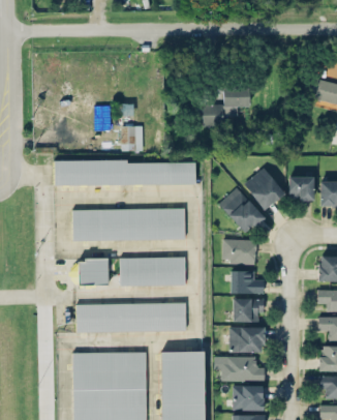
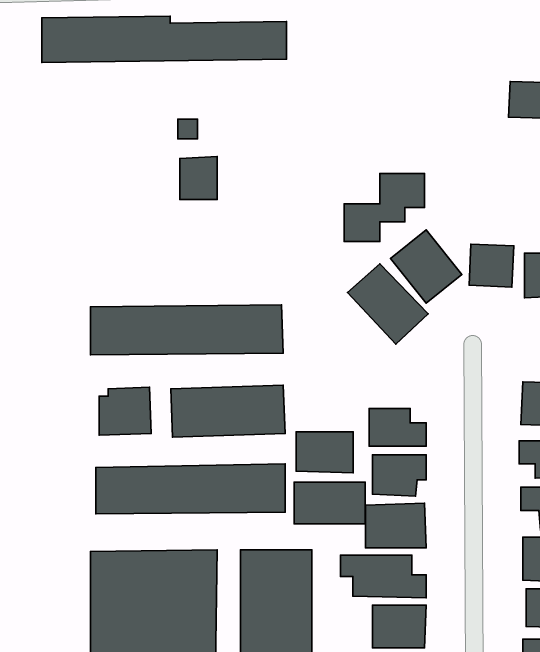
building: [205,87,251,126] -> [344,174,425,241]
building: [51,160,192,187] -> [42,16,286,63]
building: [224,239,257,263] -> [296,432,353,473]
building: none -> [294,482,365,524]

